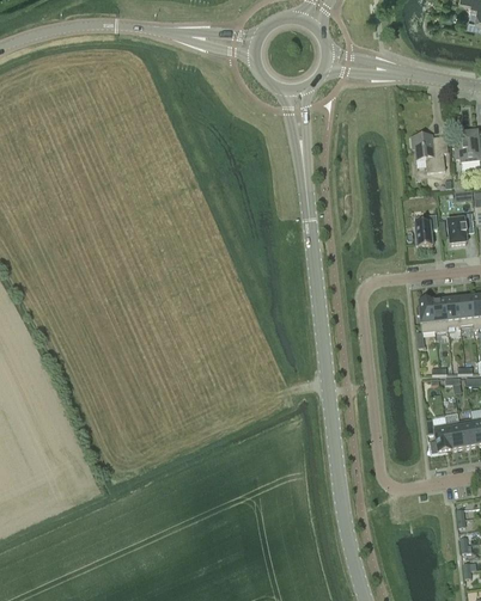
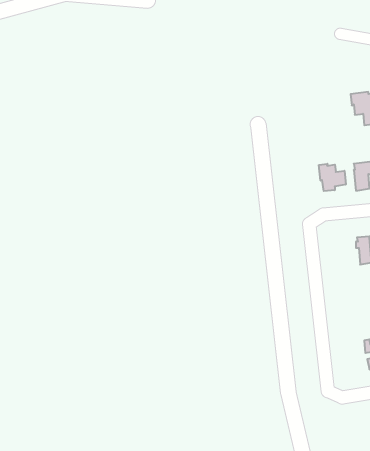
building: none -> [319,164,346,191]

